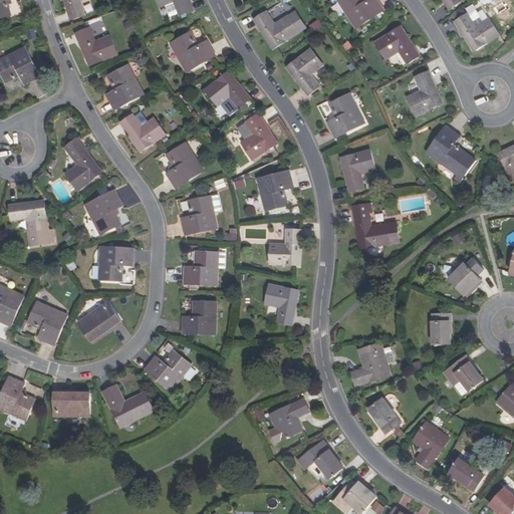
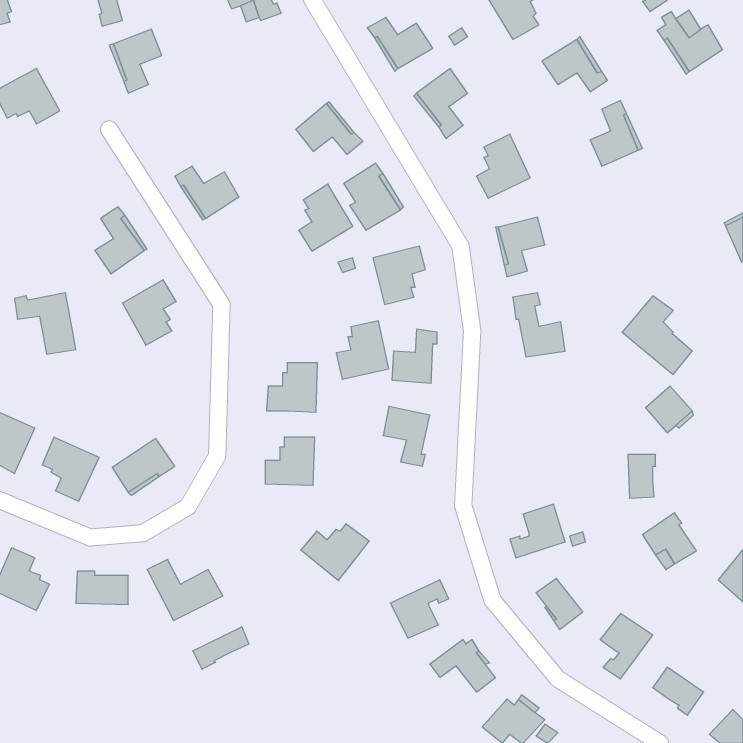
building: [169,31,214,70] -> none
building: [105,62,143,107] -> none
building: [424,124,472,179] -> [622,296,692,374]
building: [166,143,203,189] -> [299,184,353,251]
building: [182,194,218,234] -> [336,321,389,379]
building: [98,249,133,283] -> none
building: [146,351,193,391] -> [301,524,369,581]
building: none -> [193,627,249,669]

